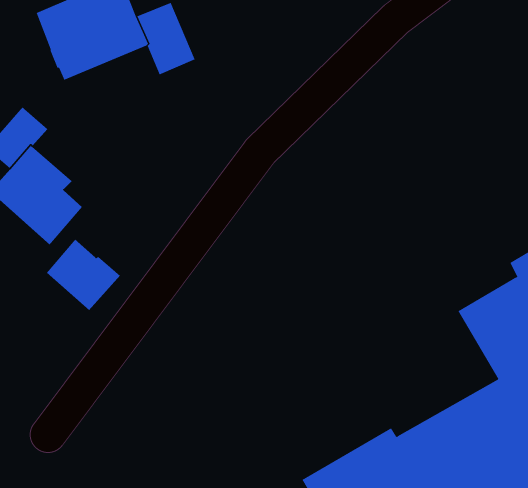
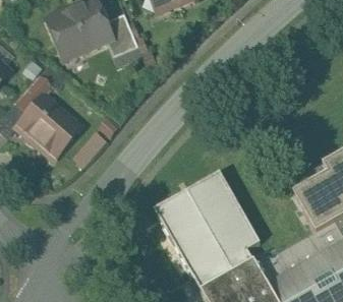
building: [46,239,121,311] -> none
building: none -> [155,172,261,292]

